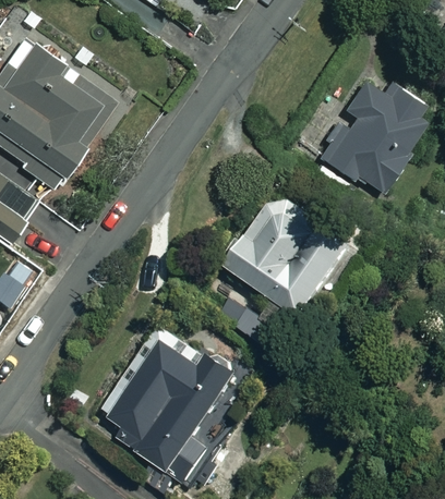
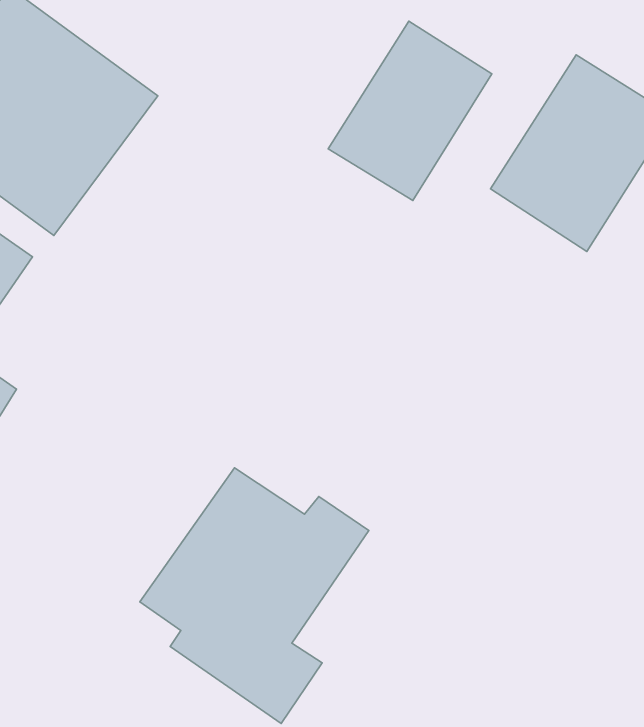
building: none -> [328,21,492,201]
building: [225,192,354,322] -> none

